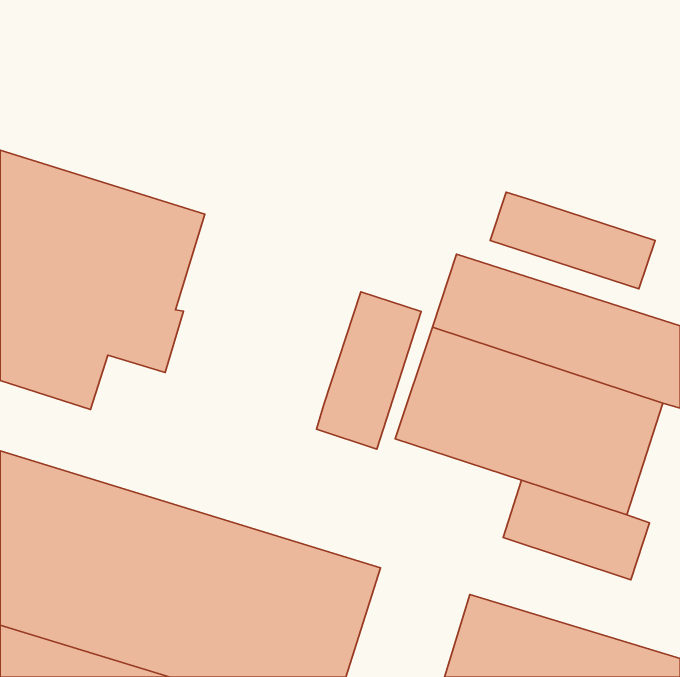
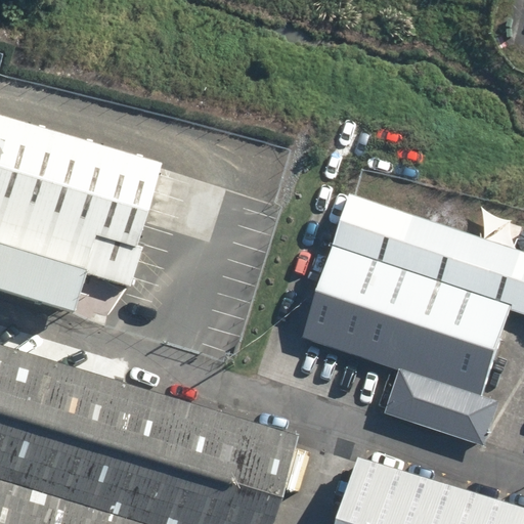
building: [490,192,655,289] -> none
building: [316,292,421,449] -> none

